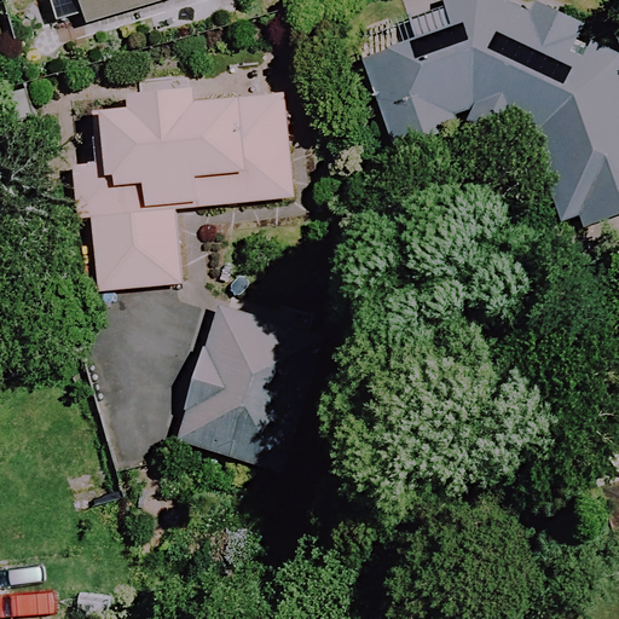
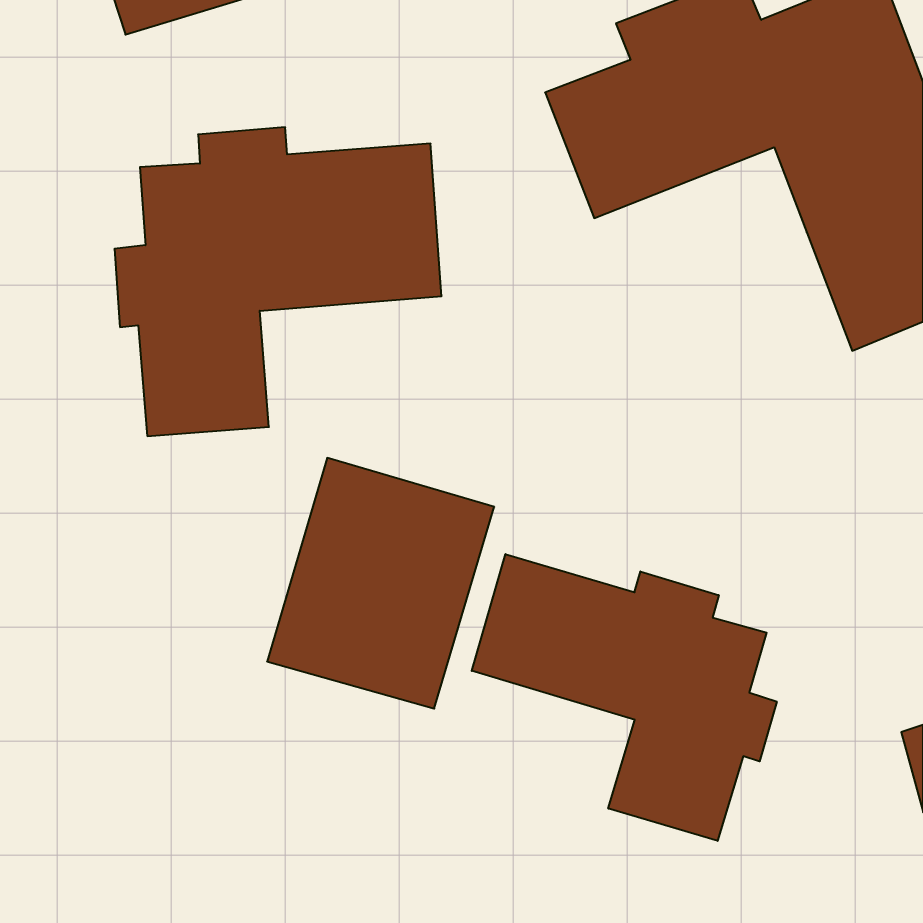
building: none -> [472,554,777,841]

